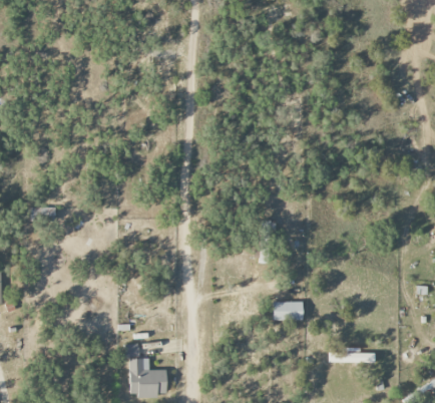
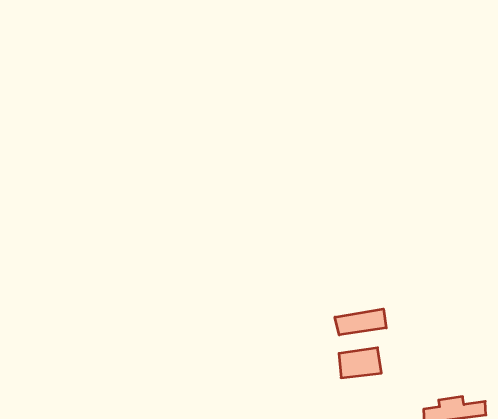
building: none -> [335,309,386,335]

